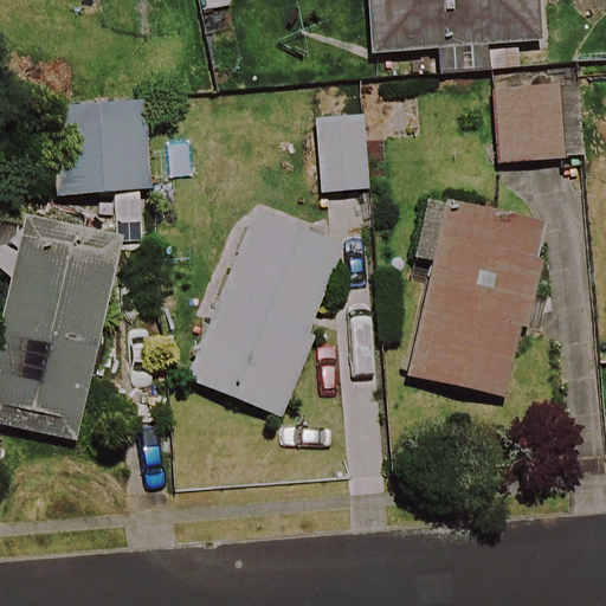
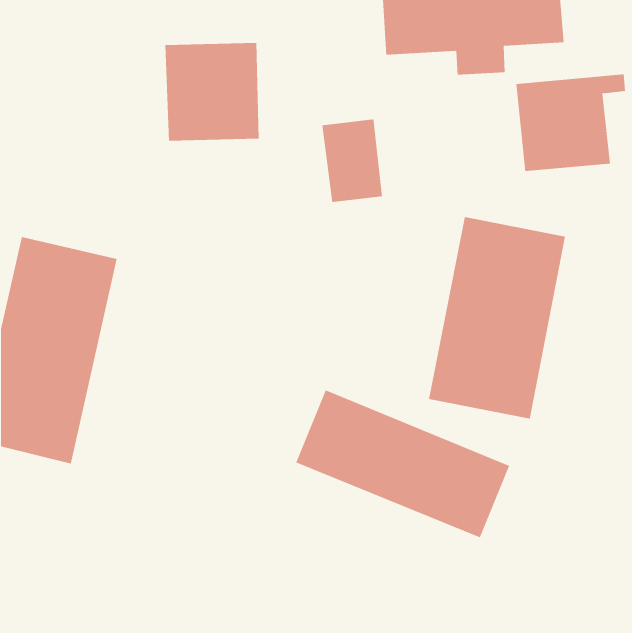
building: [57,98,147,192] -> [165,42,260,141]
building: [188,213,342,413] -> none
building: none -> [295,390,510,538]

